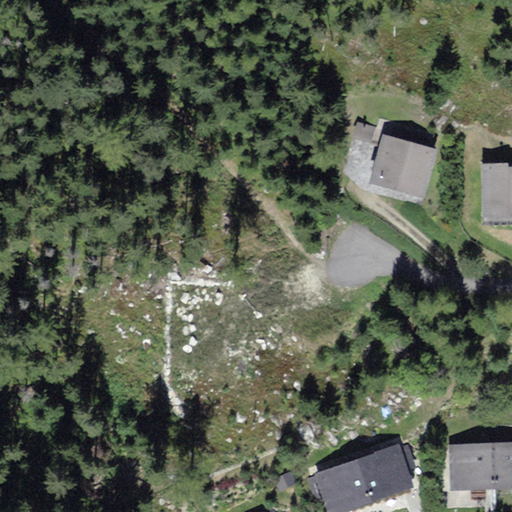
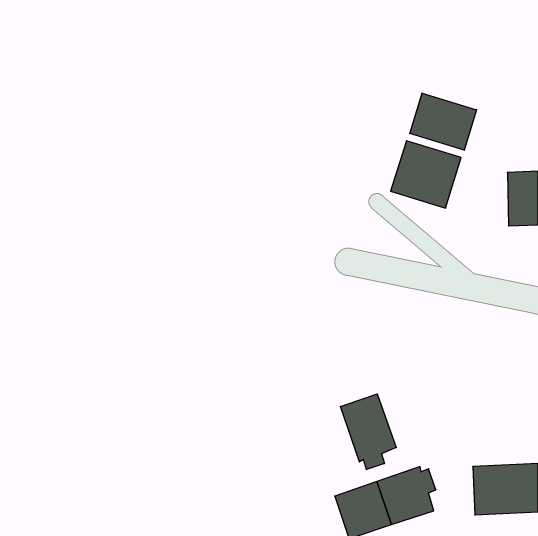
building: none -> [410,93,477,150]
building: none -> [340,394,396,470]

